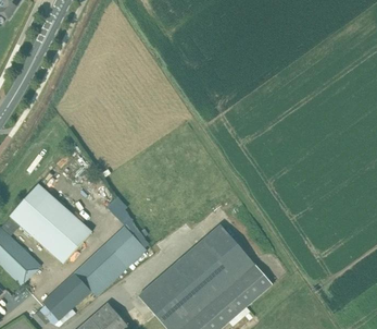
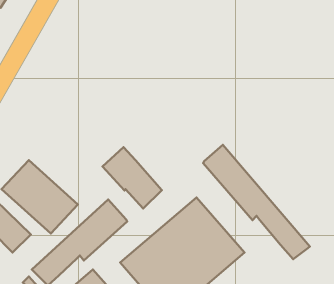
building: none -> [203,145,310,259]
building: none -> [102,147,162,208]

